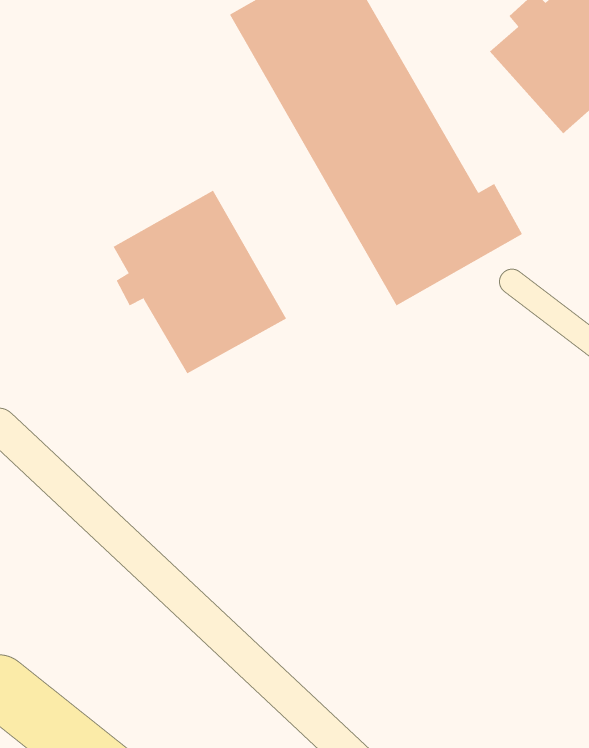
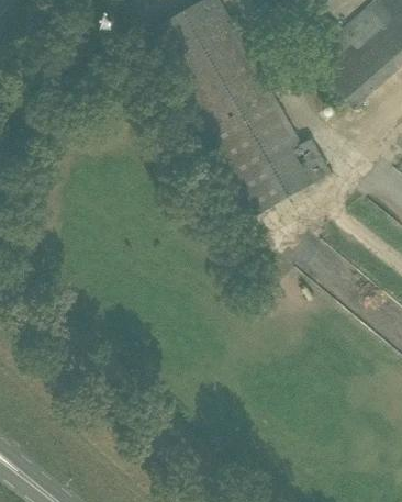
building: [113,190,287,374] -> none

